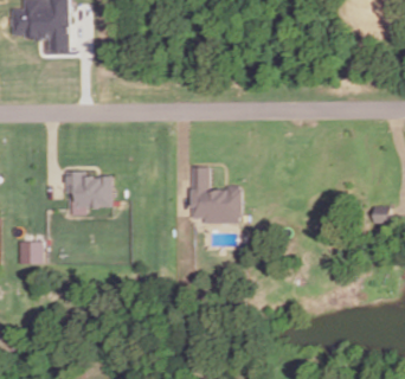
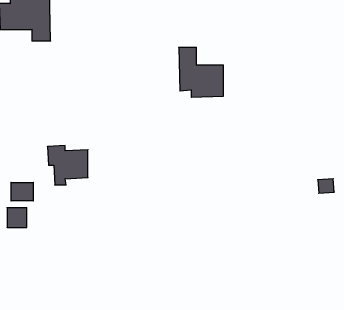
building: [192,169,243,226] -> [179,47,223,97]
building: none -> [11,182,33,201]

